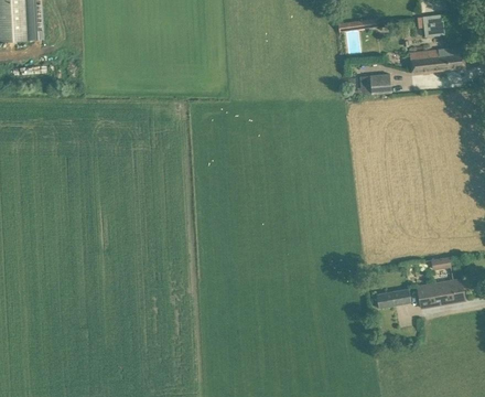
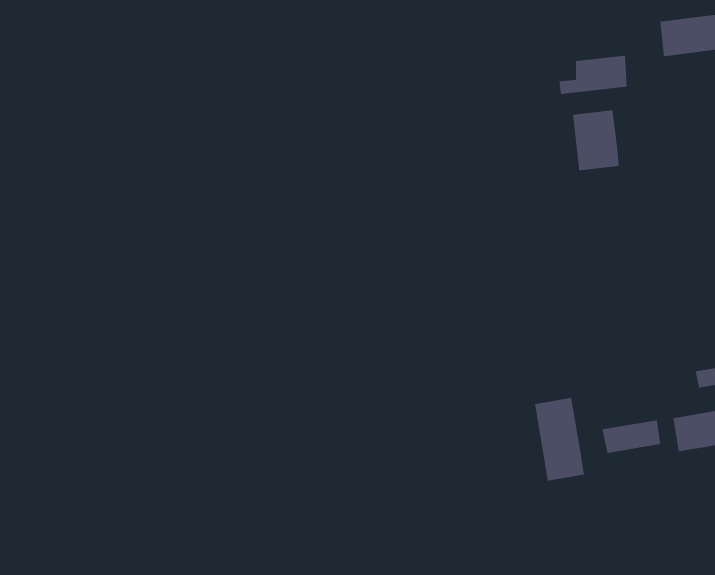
building: none -> [573,110,619,171]
building: none -> [535,397,584,481]

